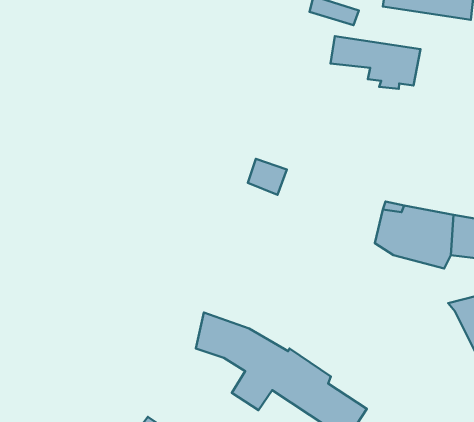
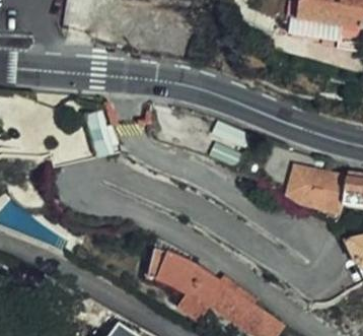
building: [331,36,421,89] -> none

